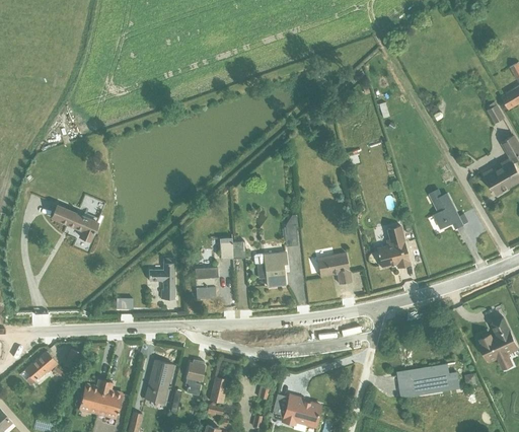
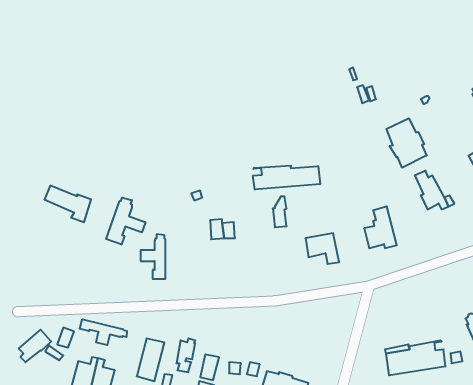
building: none -> [386,118,427,168]
building: none -> [253,166,320,190]
building: none -> [106,198,145,245]
building: [253,251,287,286] -> none
building: [194,267,217,298] -> none
building: none -> [80,319,127,345]

